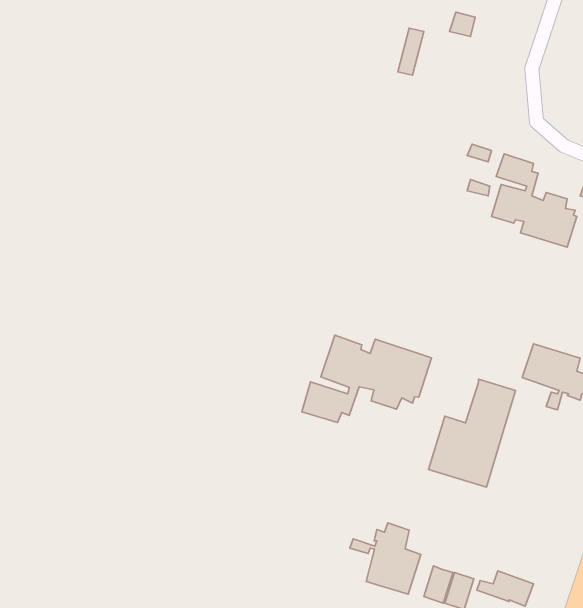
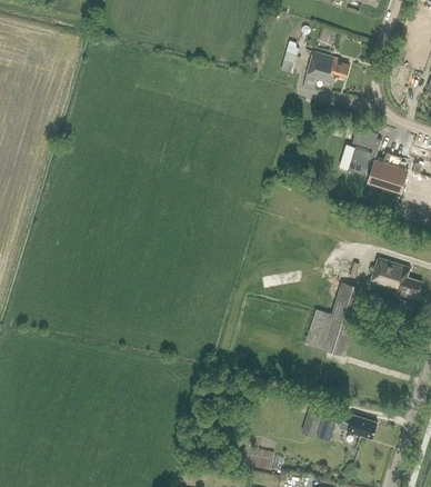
building: none -> [303,51,348,90]
building: [302,335,431,422] -> none
building: [350,523,421,594] -> none

